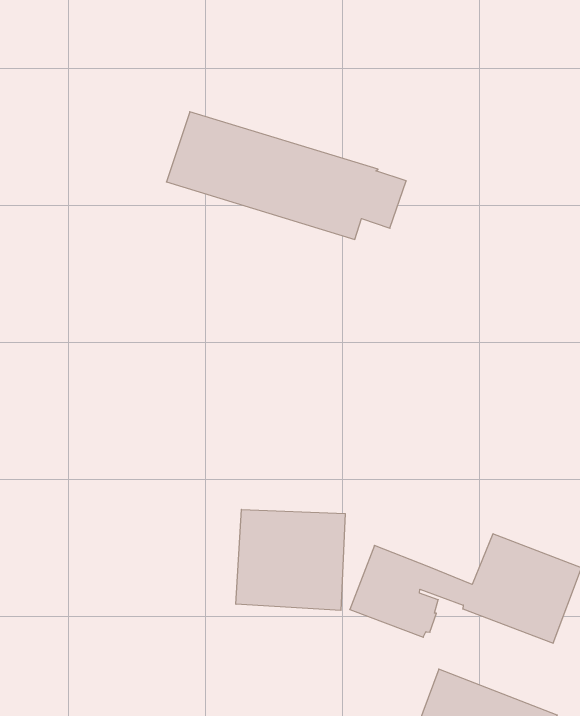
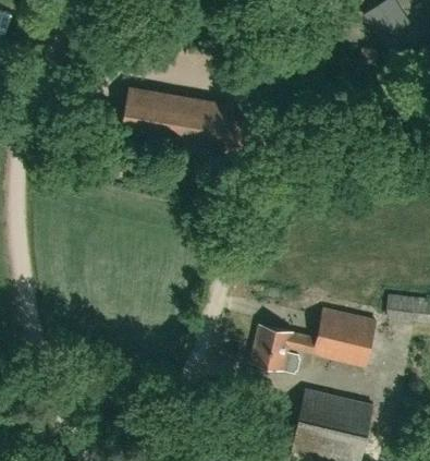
building: [236,509,345,610] -> none

